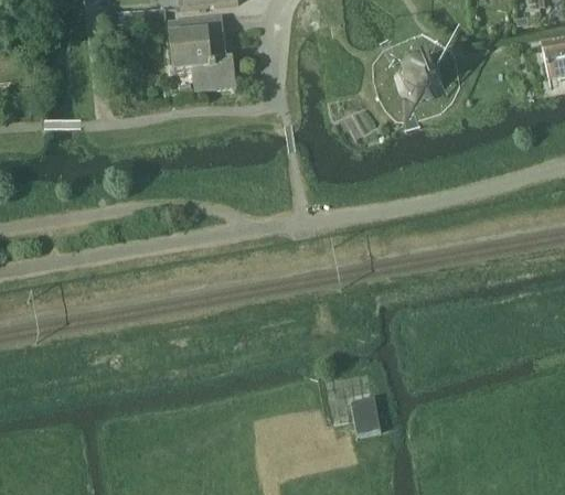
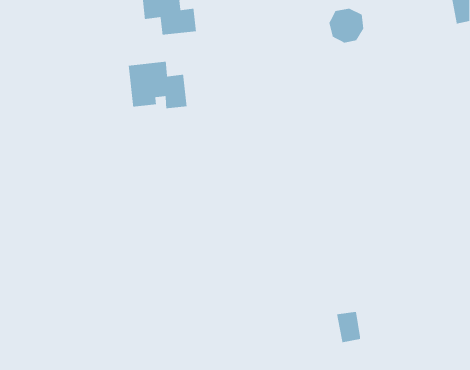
building: none -> [128,61,187,109]
building: [349,396,379,435] -> [336,310,361,343]

